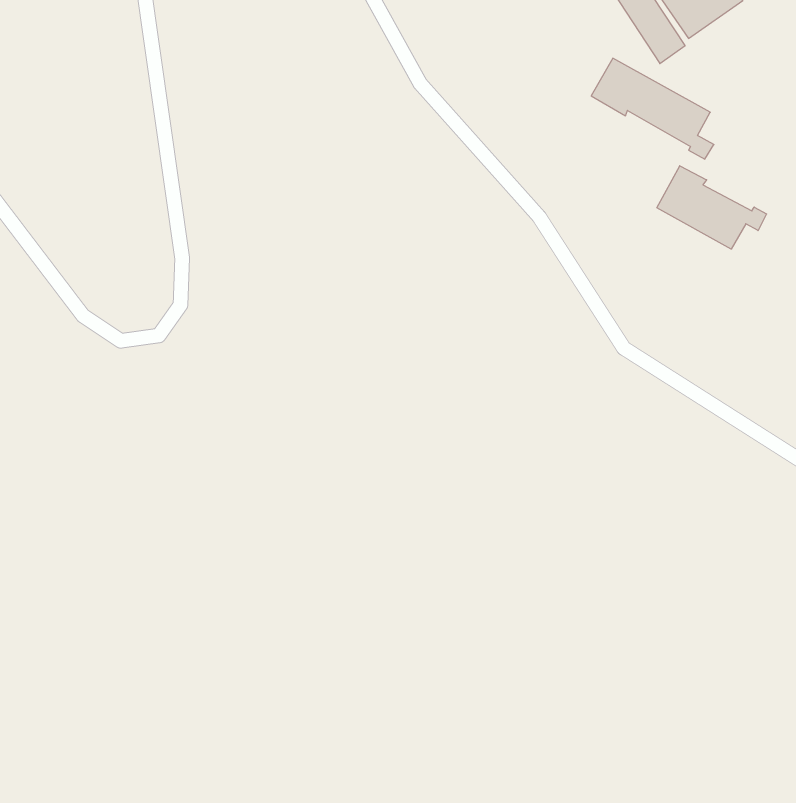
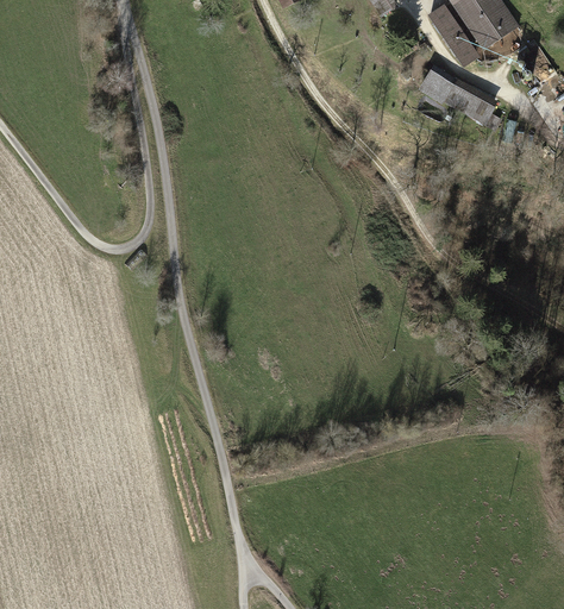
building: [657,166,767,249] -> none

